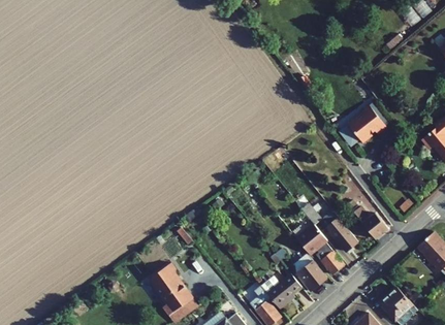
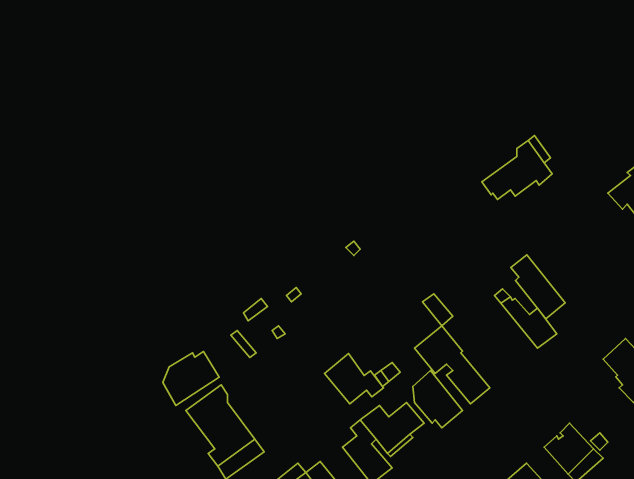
building: [323,210,358,252] -> [511,255,565,319]
building: none -> [163,352,219,405]
building: none -> [325,354,383,404]

